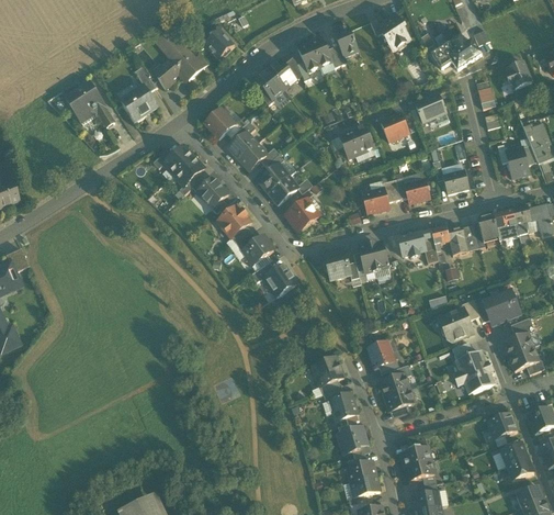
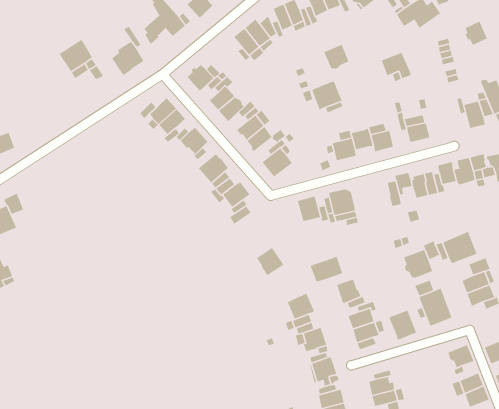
building: [381,113,409,142] -> [323,44,349,70]
building: [398,232,426,258] -> none
building: [265,265,296,296] -> [256,247,284,276]
building: none -> [310,256,343,282]
building: none -> [389,309,417,341]

